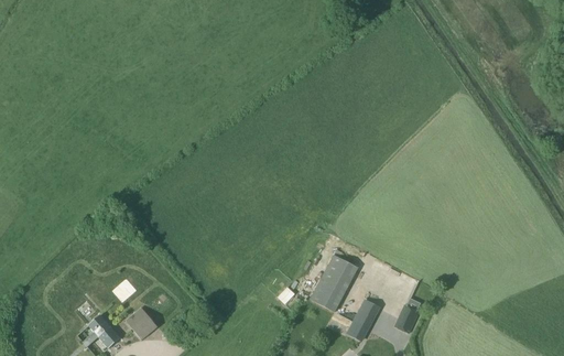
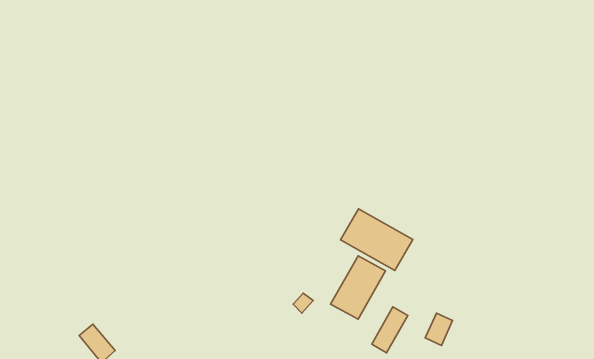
building: none -> [340,209,413,270]
building: [126,308,158,339] -> none

